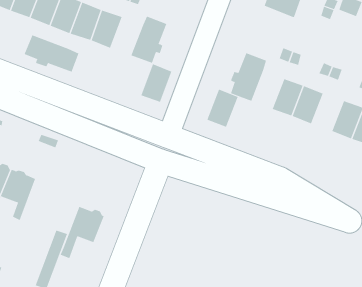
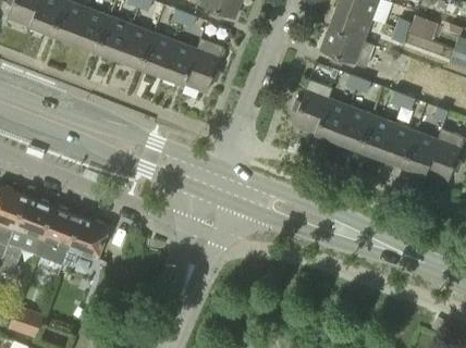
building: none -> [320,28,373,69]
building: [24,35,79,72] -> none
building: [140,64,172,102] -> [161,40,196,83]
building: [207,89,239,128] -> [316,99,351,141]
building: none -> [381,124,416,165]
building: [60,206,105,259] -> [59,218,108,275]

